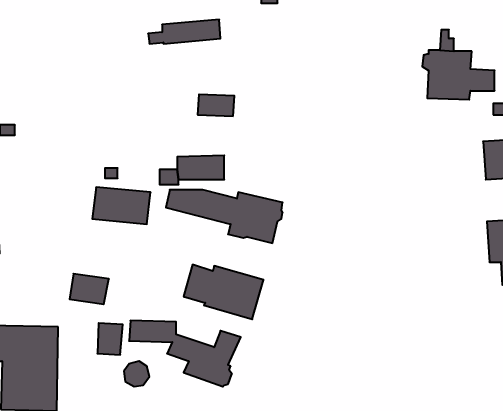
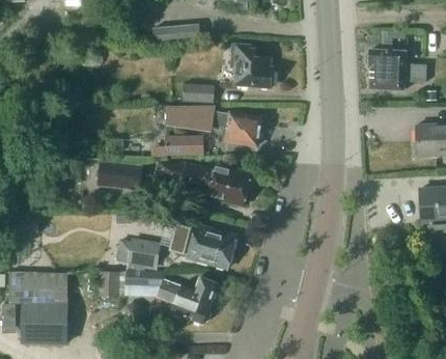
building: none -> [228,44,275,86]
building: none -> [167,105,261,144]
building: [70,274,109,304] -> [130,242,162,267]

